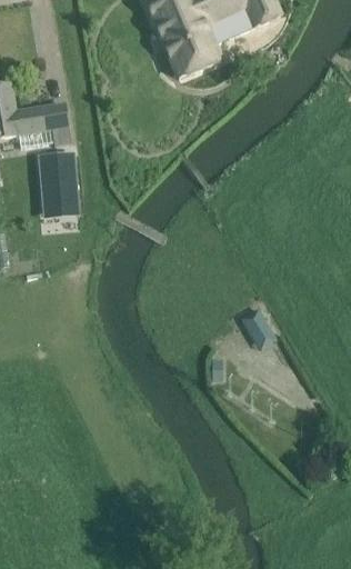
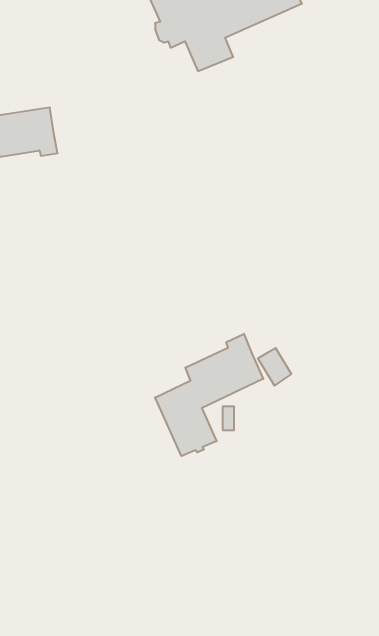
building: [39,150,80,208] -> none
building: none -> [155,334,263,456]

